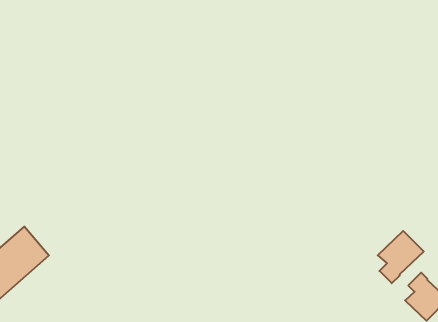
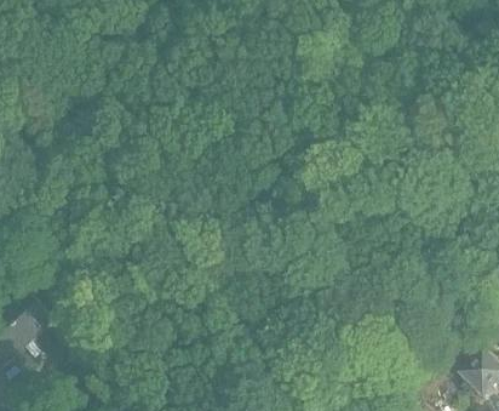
building: [378,231,424,283] -> none

